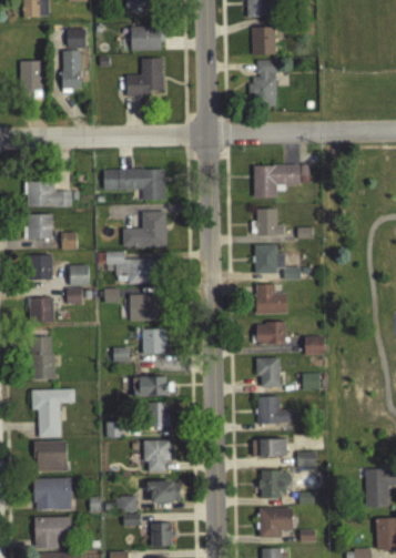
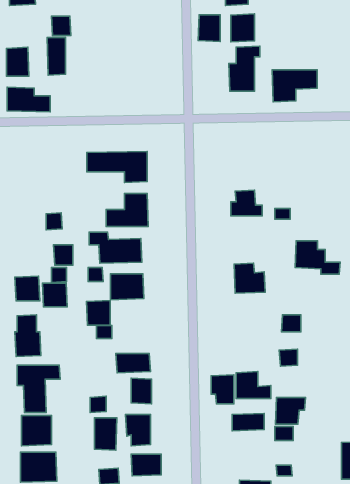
building: [131,27,161,51] -> none
building: none -> [198,15,220,42]
building: [126,59,163,93] -> none
building: [253,165,299,199] -> [272,70,317,102]
building: [27,182,71,207] -> [7,87,50,112]
building: [28,214,52,239] -> none
building: [254,245,301,280] -> [295,241,340,274]
building: [28,255,53,280] -> [42,283,67,307]
building: [256,323,286,344] -> none
building: [142,328,166,354] -> [86,300,110,325]
building: [256,357,280,387] -> [211,375,234,404]
building: none -> [95,418,117,450]
building: [260,471,291,499] -> [275,397,305,424]

